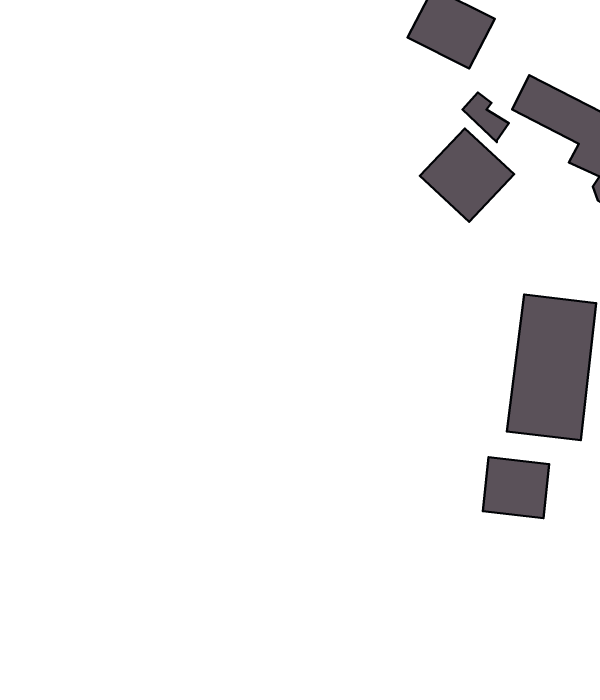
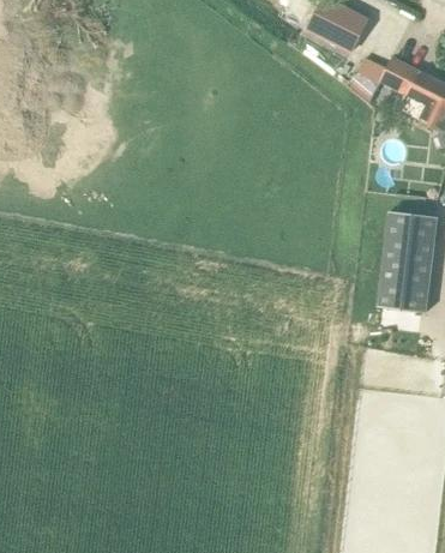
building: [420,128,514,222] -> none
building: [483,457,549,518] -> none

